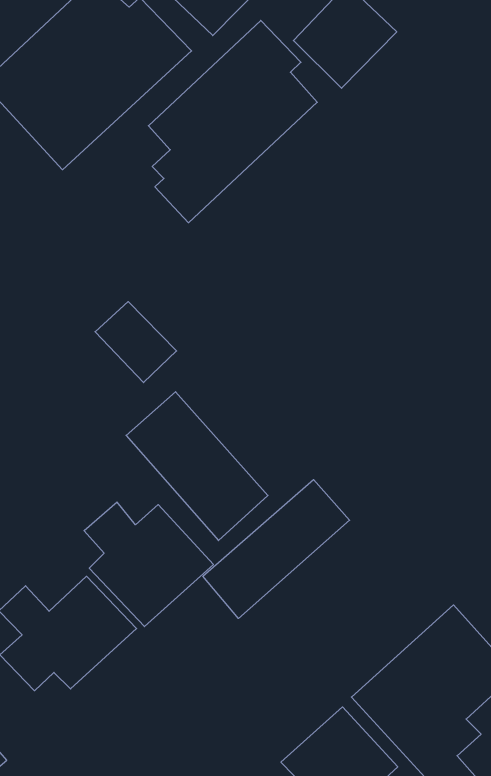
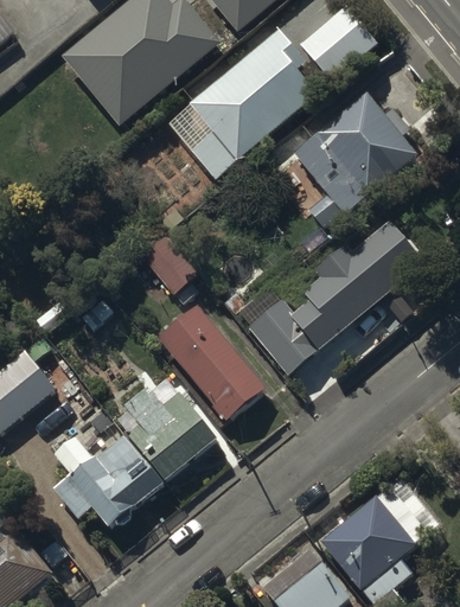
building: none -> [293,89,422,230]
building: none -> [247,219,424,376]
building: [203,480,350,618] -> none

